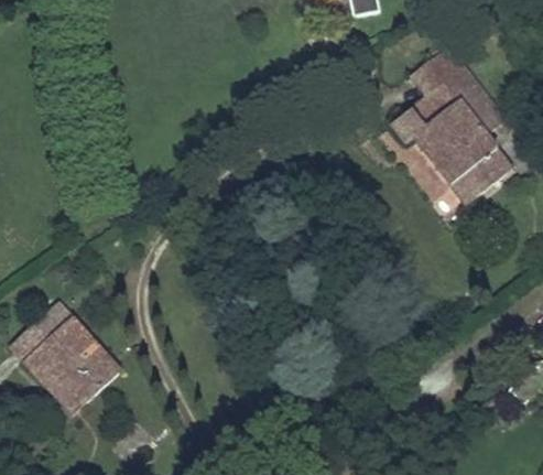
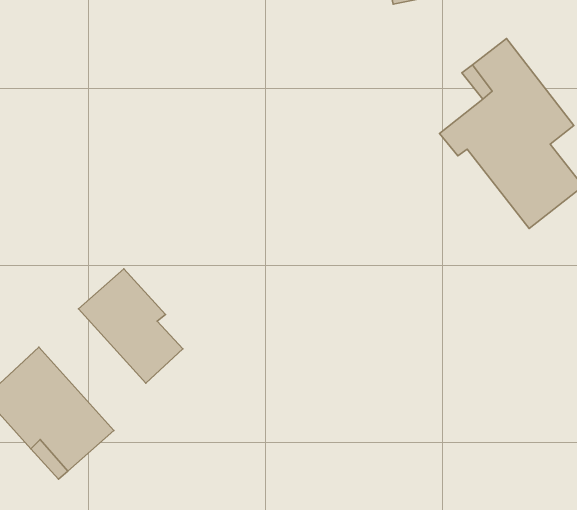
building: none -> [79,269,183,383]

